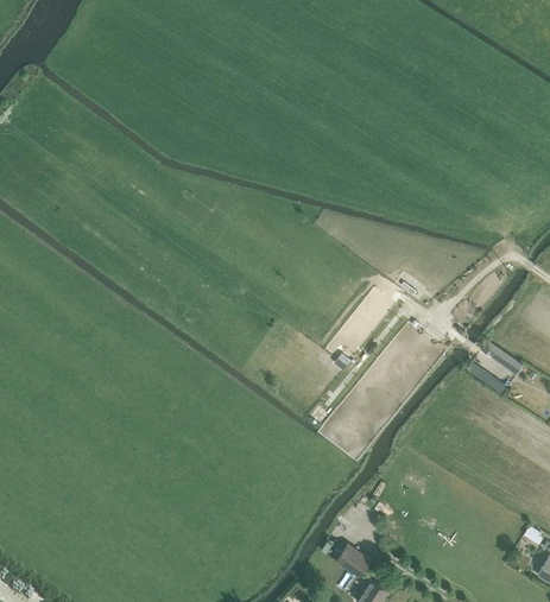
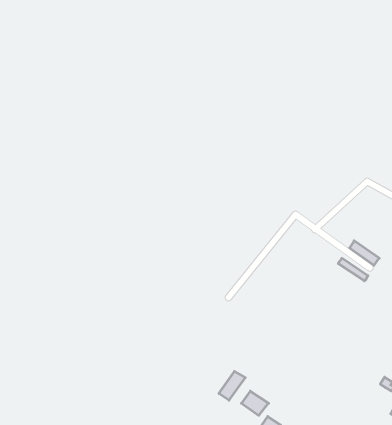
building: none -> [219,371,245,400]

